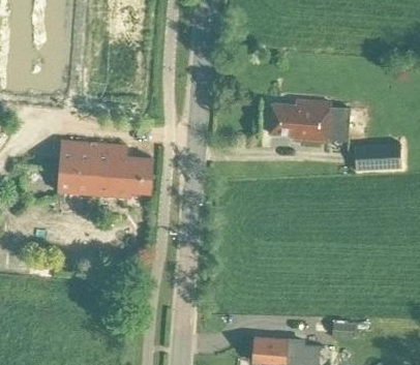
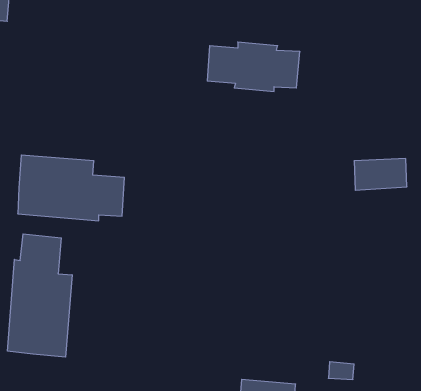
building: [268,100,350,144] -> [207,42,300,91]
building: none -> [8,234,72,357]

